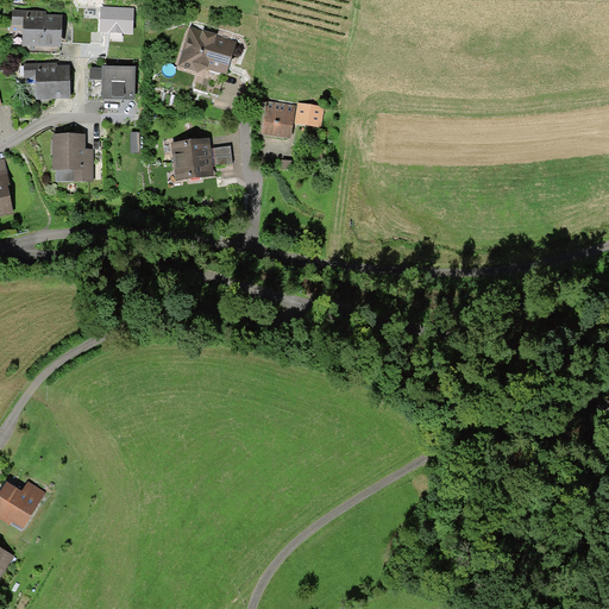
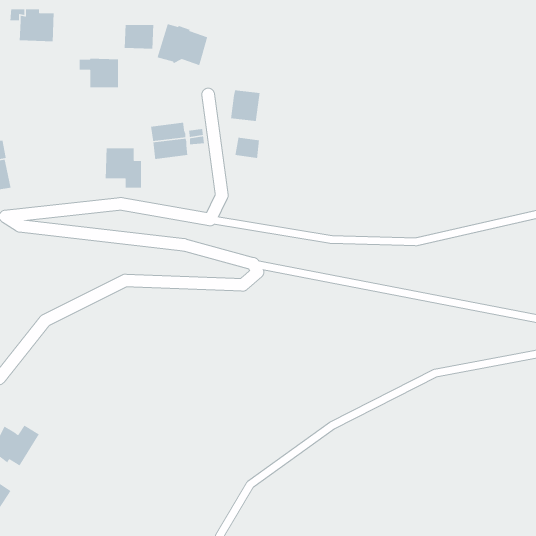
building: [99,6,133,34] -> [124,24,154,49]
building: [23,62,69,99] -> none
building: [294,102,322,127] -> [235,137,260,159]
building: [51,134,93,181] -> [105,148,142,189]

